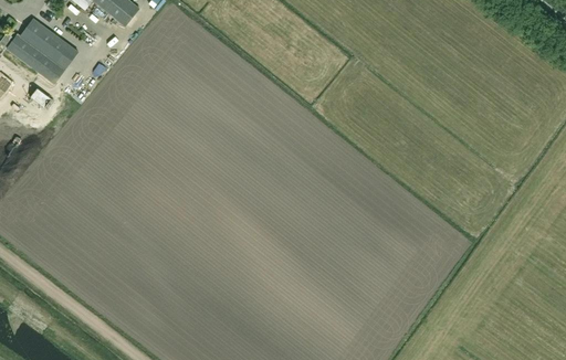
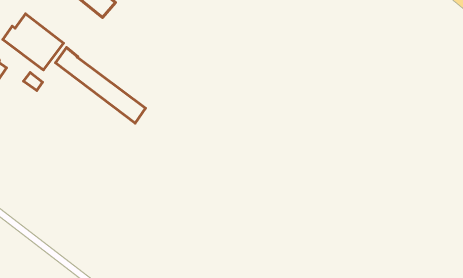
building: none -> [55,48,146,123]

